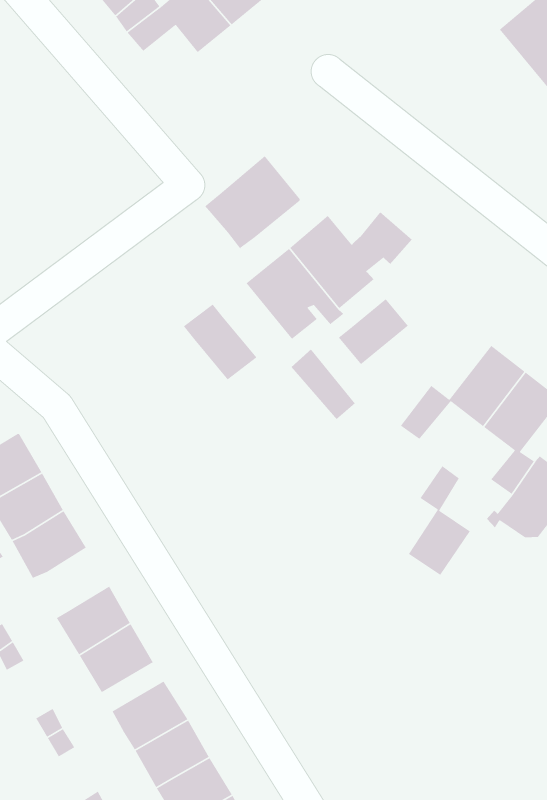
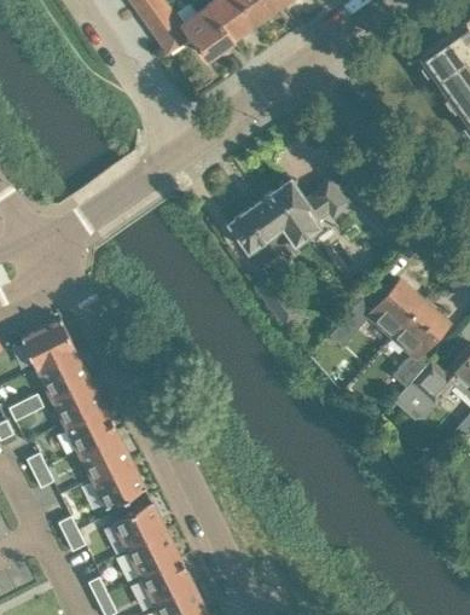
building: [204,155,301,250] -> none
building: [338,298,409,365] -> none
building: [183,303,257,380] -> none
building: [408,465,471,576] -> none
building: none -> [63,405,117,453]

